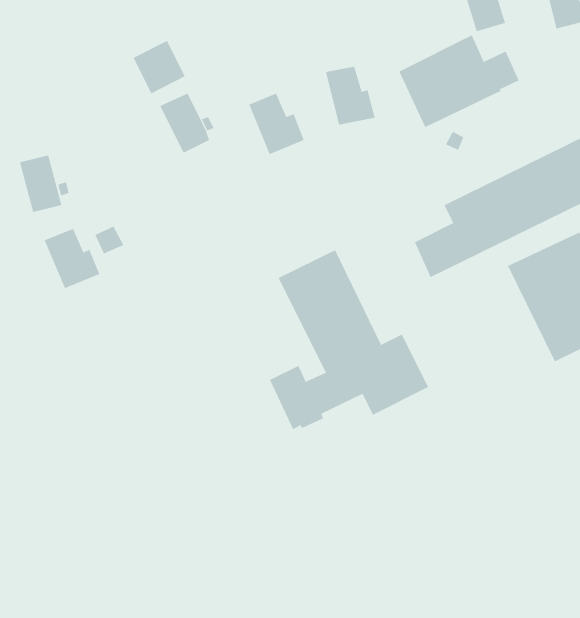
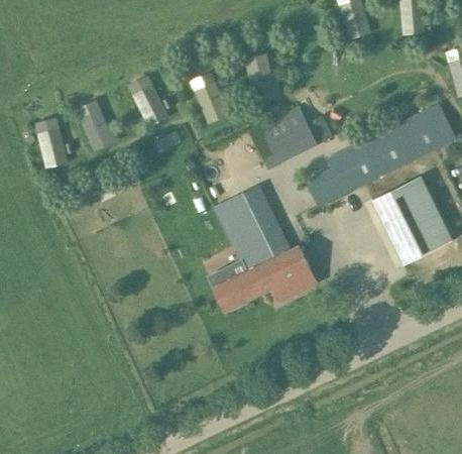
building: [398,35,520,128] -> [249,106,332,169]
building: [133,40,185,94] -> none
building: [44,228,100,289] -> [80,106,118,147]

